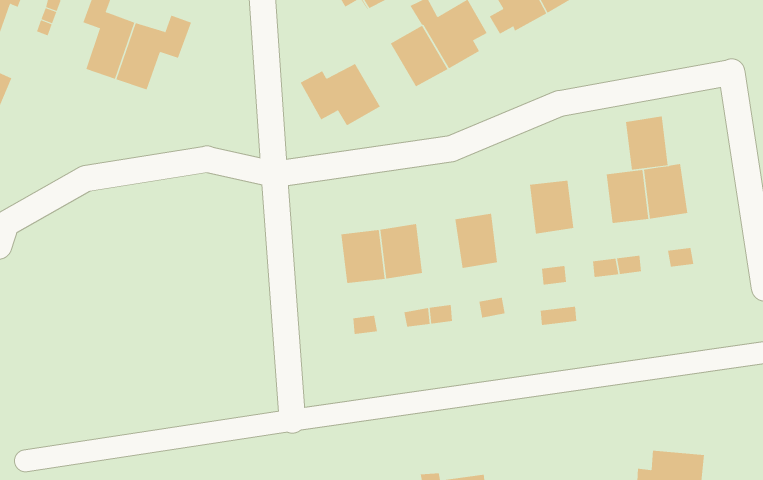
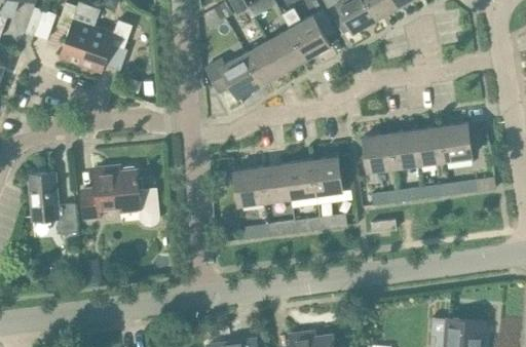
building: none -> [245,41,286,84]
building: [625,116,669,170] -> [390,130,420,167]
building: none -> [287,161,317,198]
building: none -> [80,168,158,226]
building: none -> [29,174,78,236]

